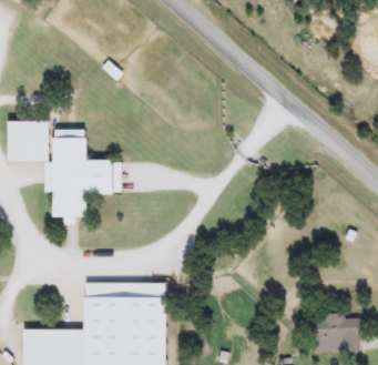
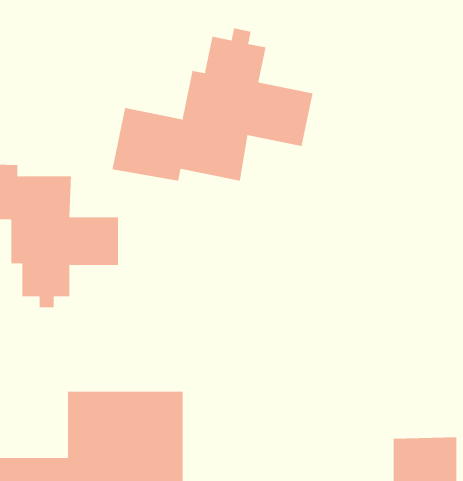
building: none -> [112,28,313,182]

